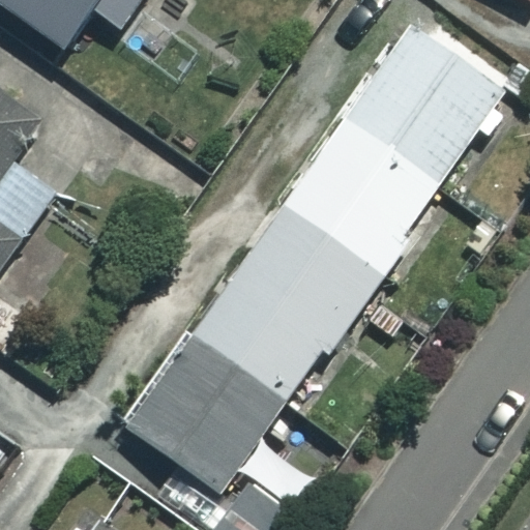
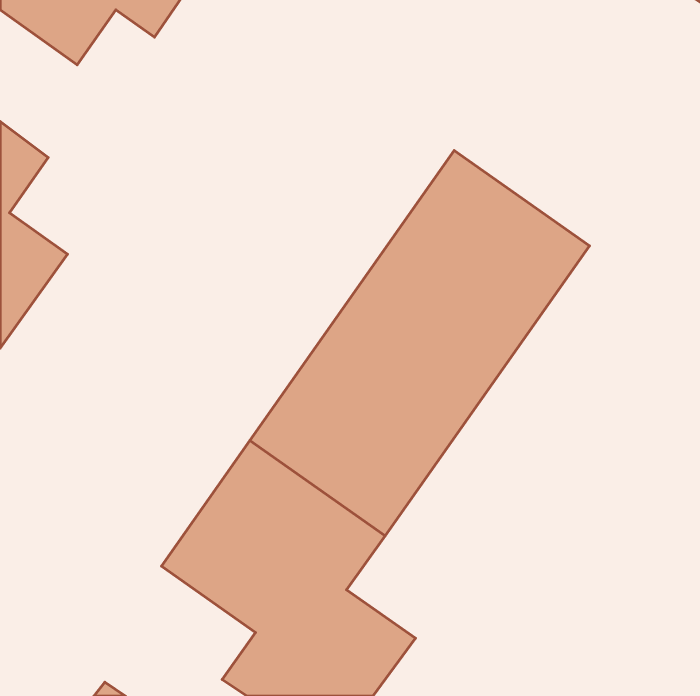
building: [345,23,509,184] -> none

